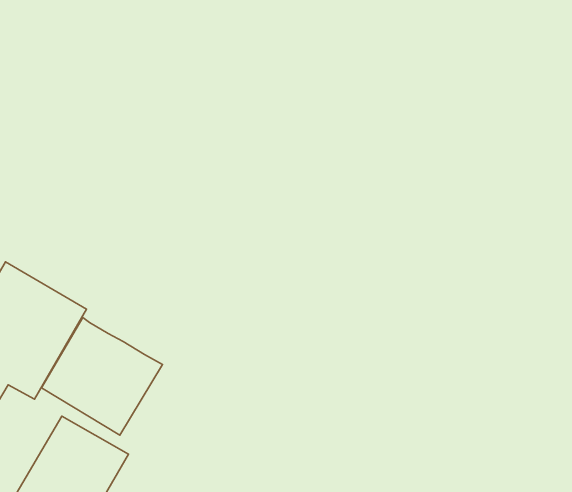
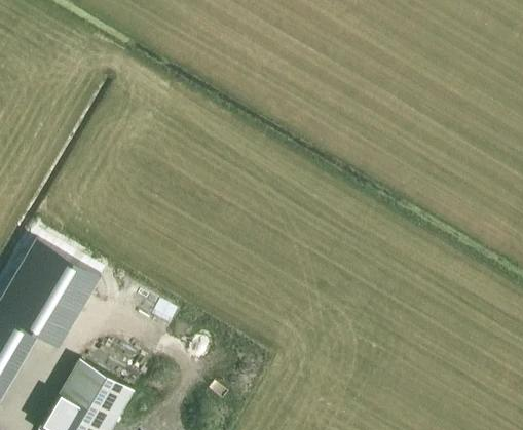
building: [41,318,162,435] -> none

